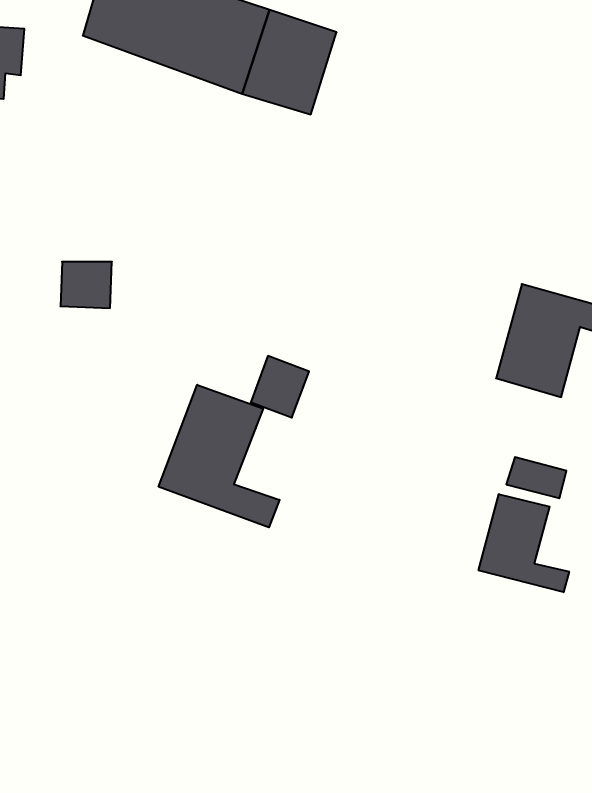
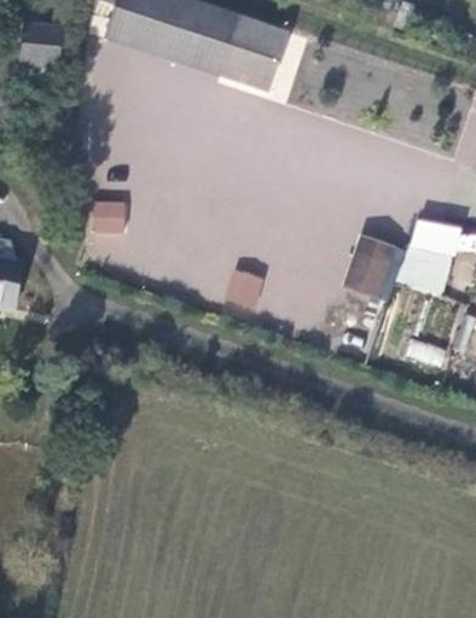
building: none -> [343,232,404,298]
building: [159,385,280,527] -> none
building: [479,494,569,592] -> none

